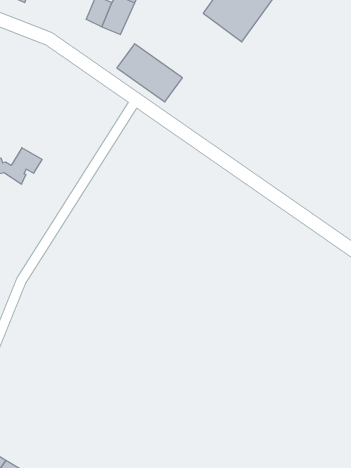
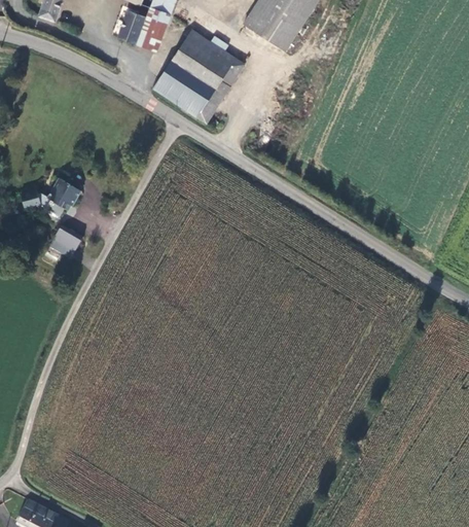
building: none -> [172,31,243,94]
building: none -> [51,225,79,251]

